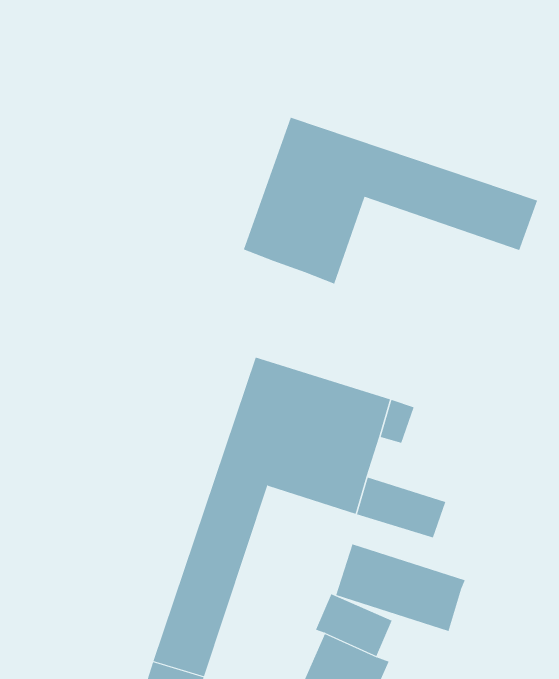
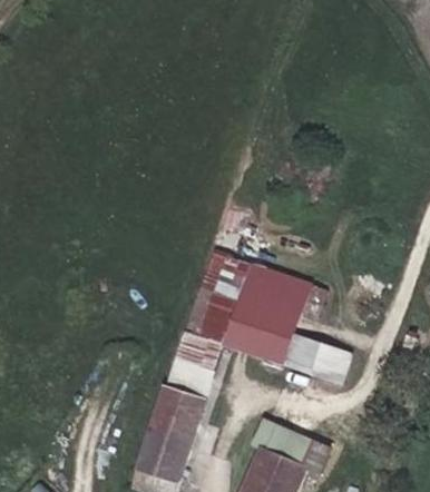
building: [243,117,538,285] -> none
building: [335,544,466,632] -> none

